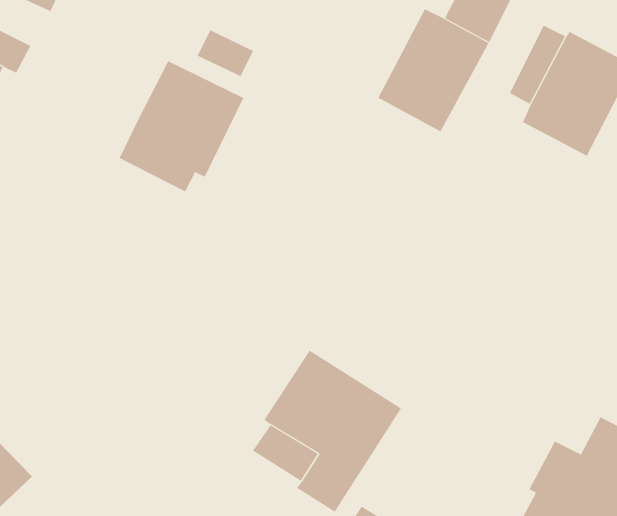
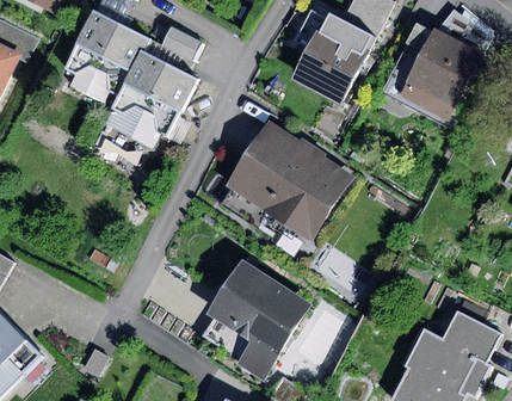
building: none -> [66,12,144,103]
building: none -> [226,118,353,239]

